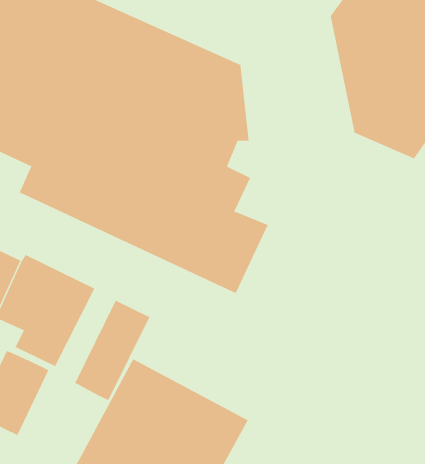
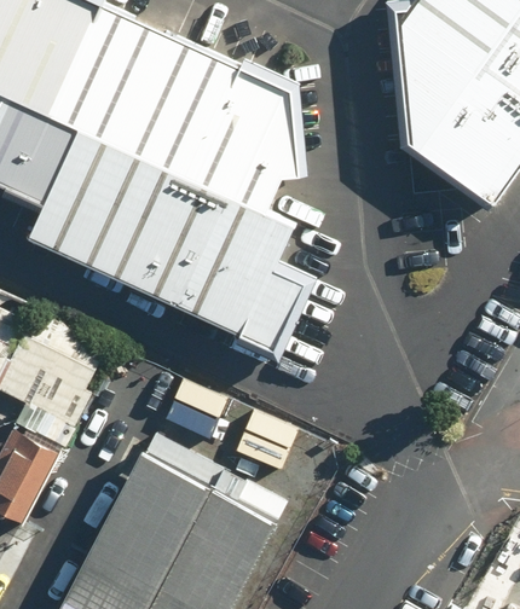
building: [75,300,150,401] -> none

